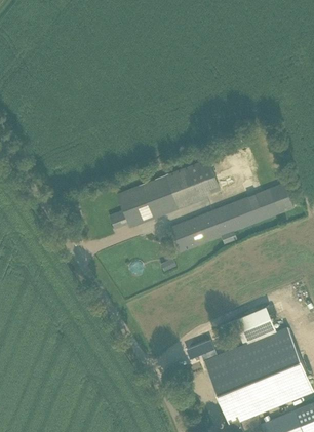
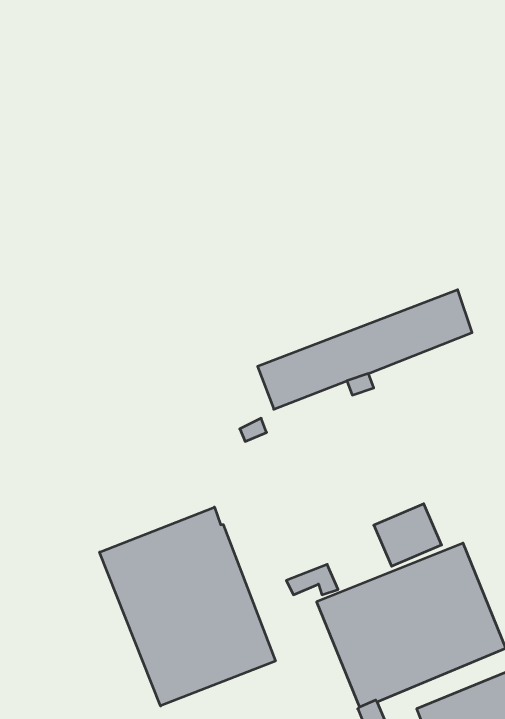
building: [116,158,220,227] -> none
building: none -> [100,507,275,706]

